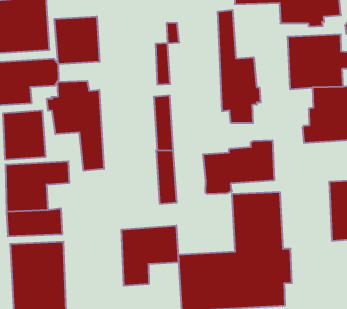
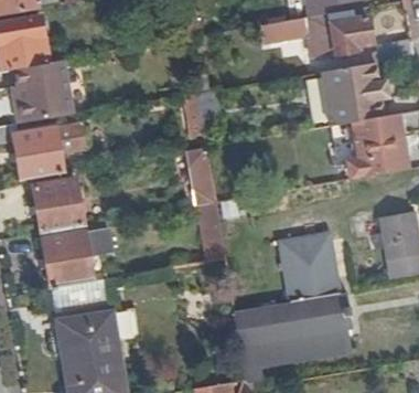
building: [218,10,260,123] -> none
building: [54,16,99,64] -> none
building: [47,81,104,171] -> none
building: [203,140,274,194] -> none
building: [121,225,179,286] -> none

